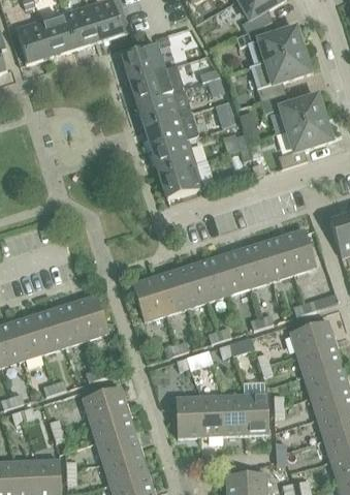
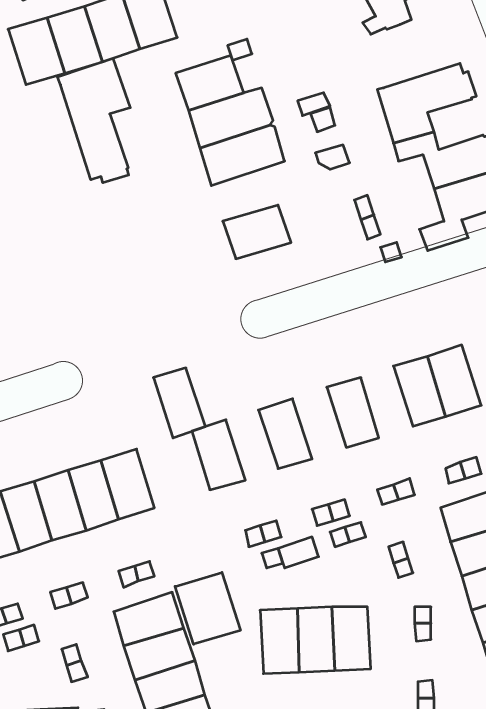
building: [235,25,305,65] -> none
building: none -> [58,58,130,183]
building: [145,112,198,150] -> none
building: [160,163,202,198] -> none
building: [240,242,273,287] -> none
building: [196,255,230,301] -> none
building: [154,270,187,314] -> [153,368,205,438]
building: none -> [175,572,240,644]
building: [244,394,268,434] -> none

